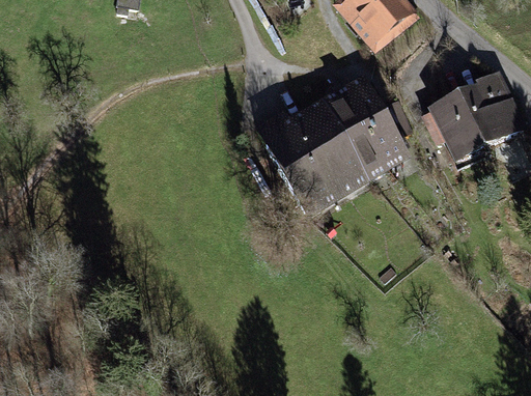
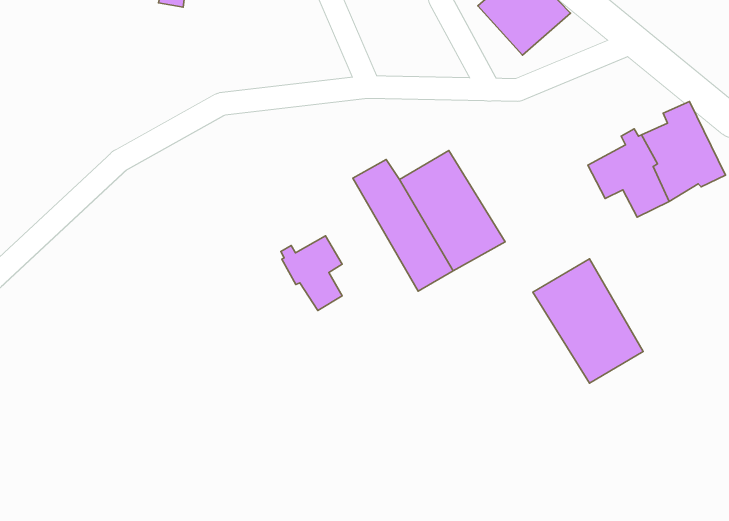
building: [326,85,404,174] -> [533,259,643,383]
building: none -> [281,236,342,311]

